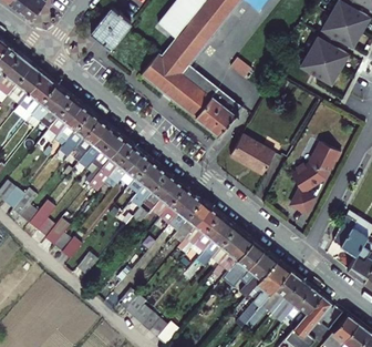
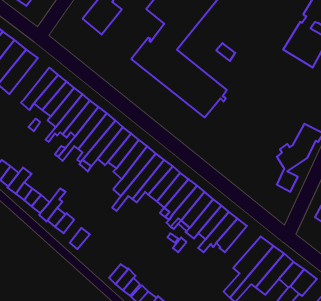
building: [14,74,56,121] -> none
building: [230,134,276,174] -> none
building: [239,249,277,297] -> none

